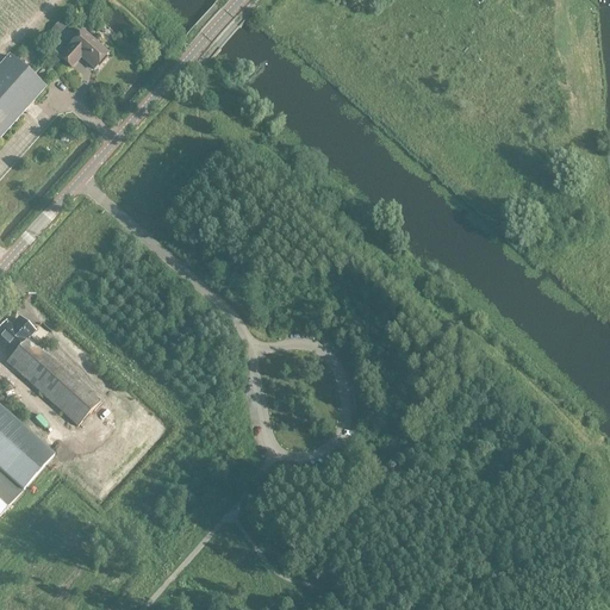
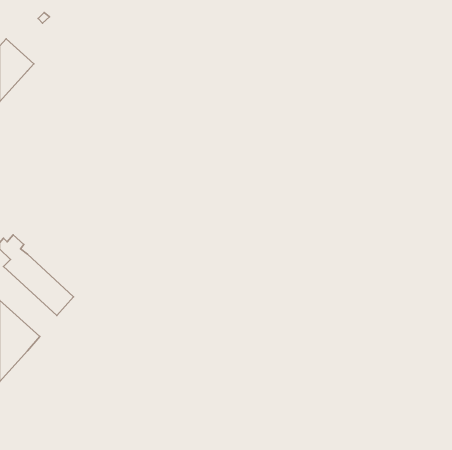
building: [60,30,108,68] -> none

